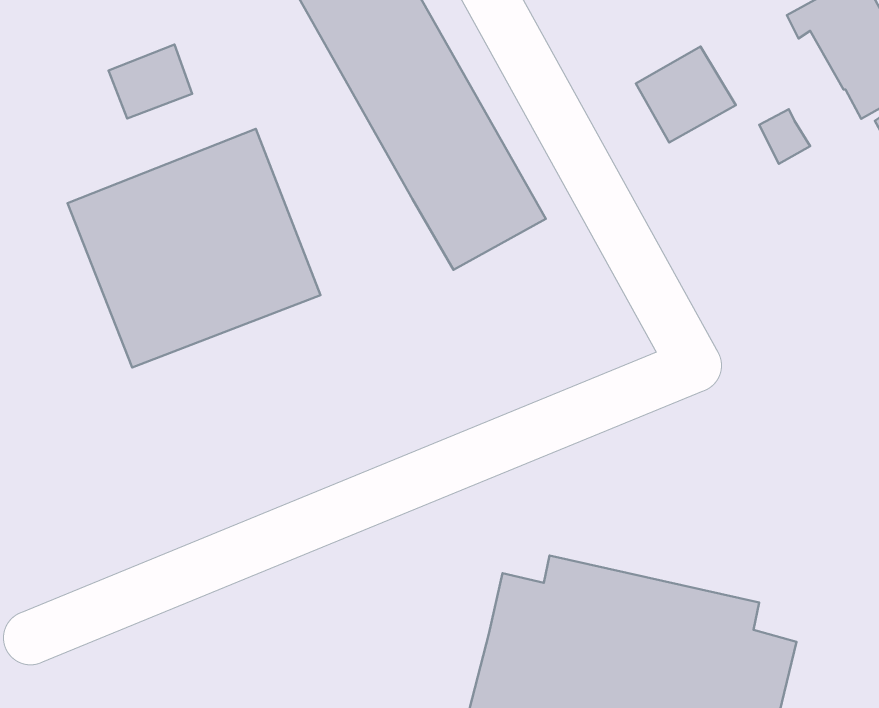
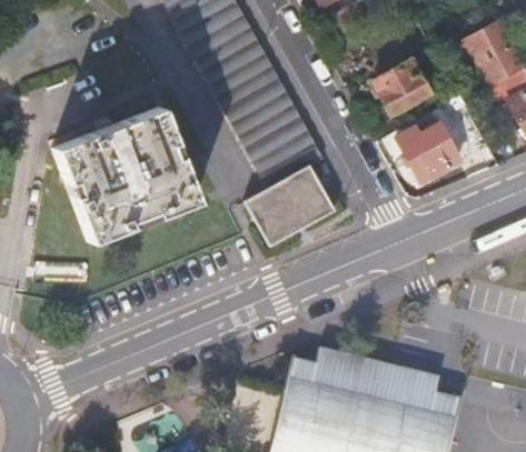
building: [109,44,192,118] -> none
building: none -> [396,119,459,180]
building: none -> [244,157,335,247]

